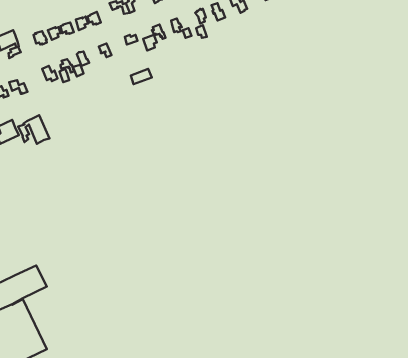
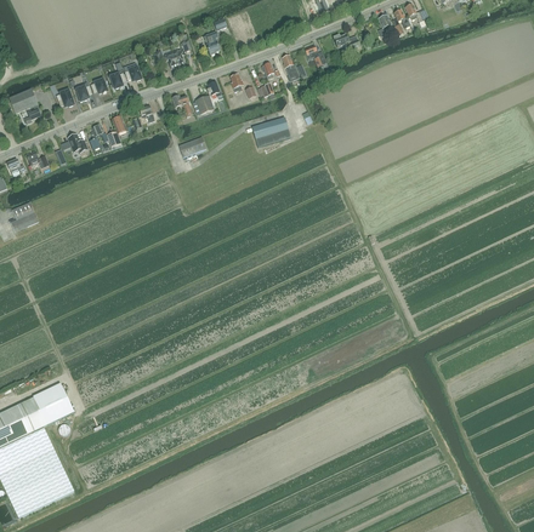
building: none -> [251,116,290,147]
building: [18,115,50,144] -> none

